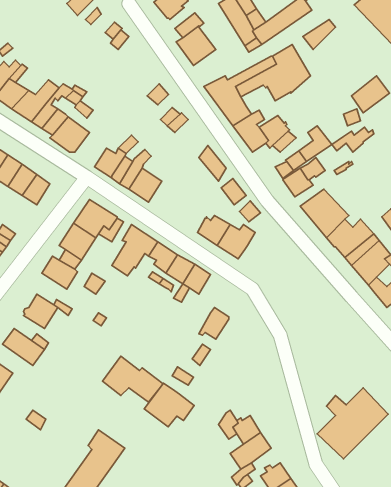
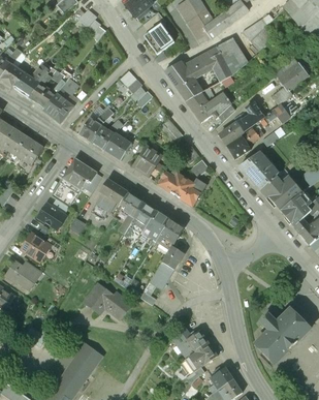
building: none -> [133,146,162,177]
building: none -> [156,218,183,248]
building: [144,383,194,427] -> none

